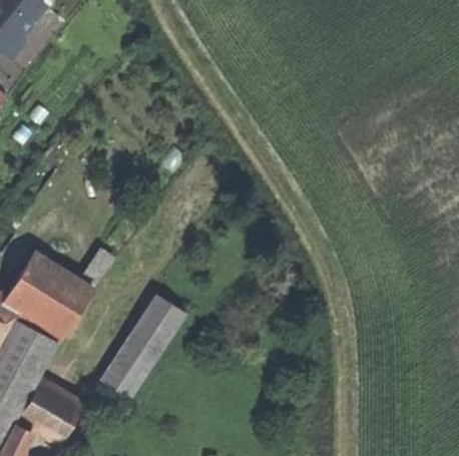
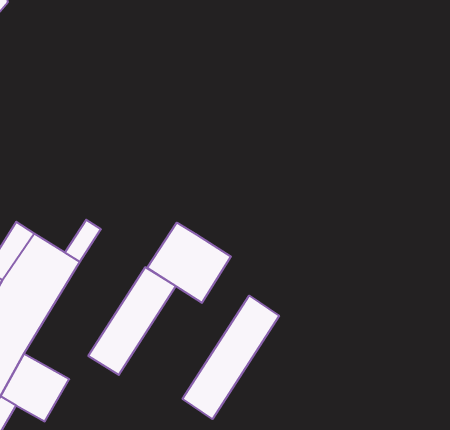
building: none -> [147,223,231,303]
building: none -> [183,296,279,419]

